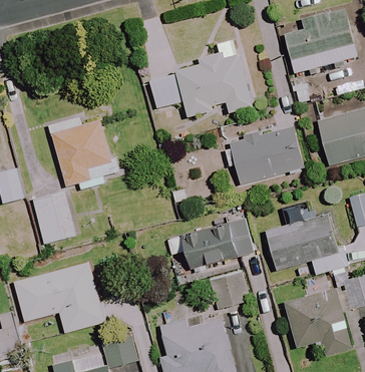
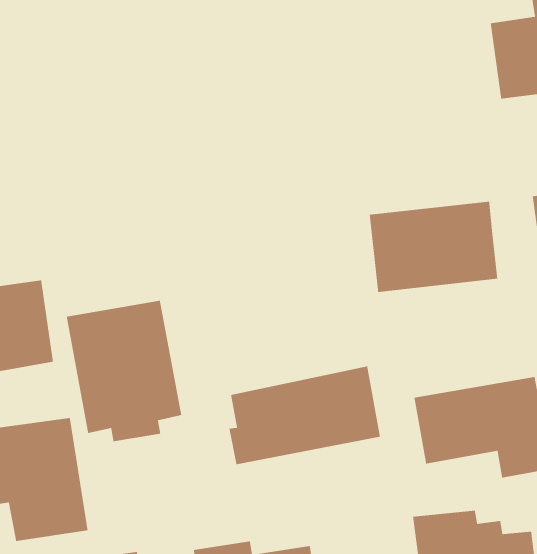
building: [152,37,255,115] -> none
building: [47,112,114,191] -> [66,300,182,442]
building: [208,269,248,309] -> none

